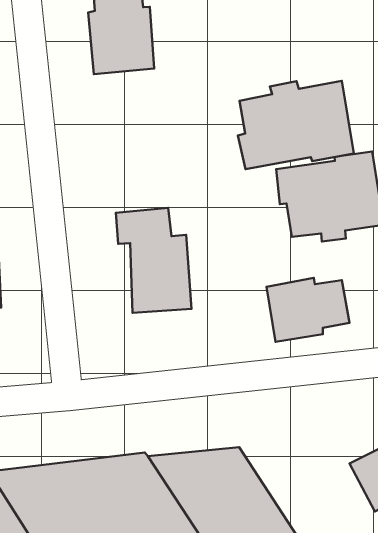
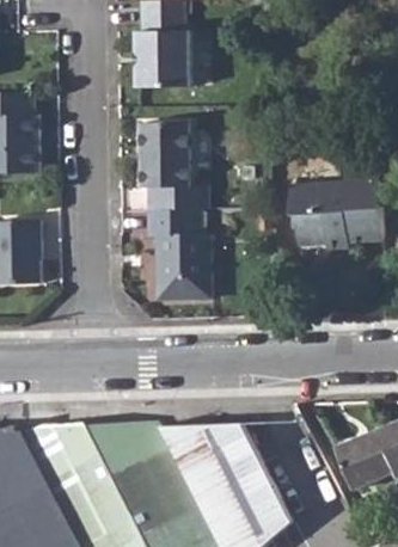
building: [238,81,354,169] -> none
building: none -> [137,119,207,209]
building: [267,278,349,342] -> none

